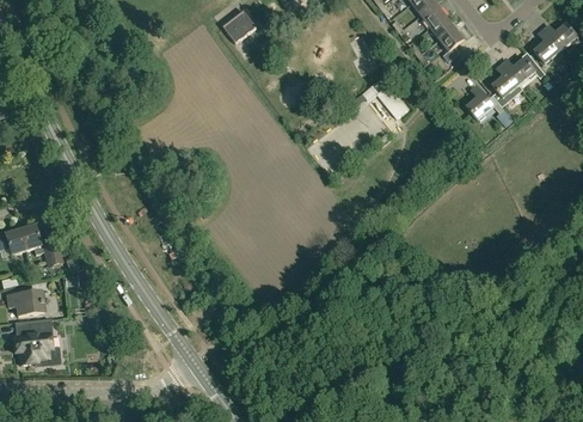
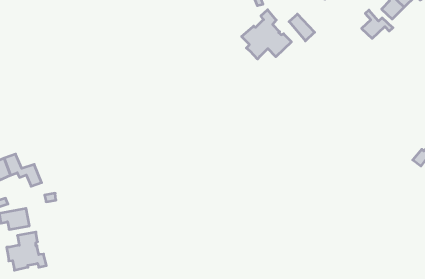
building: none -> [242,10,291,59]

